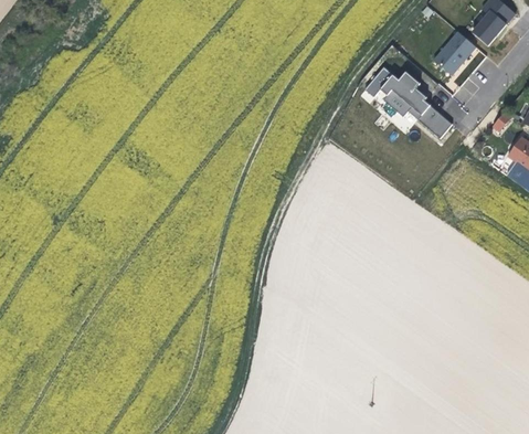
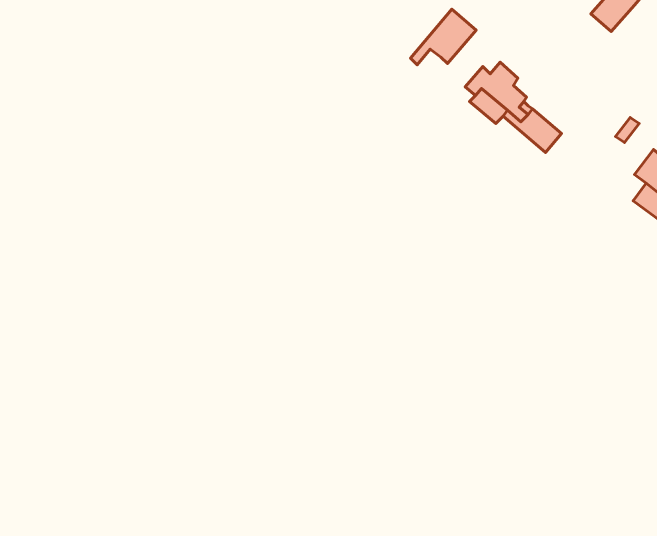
building: none -> [410,9,476,65]
building: [434,32,476,75] -> none

